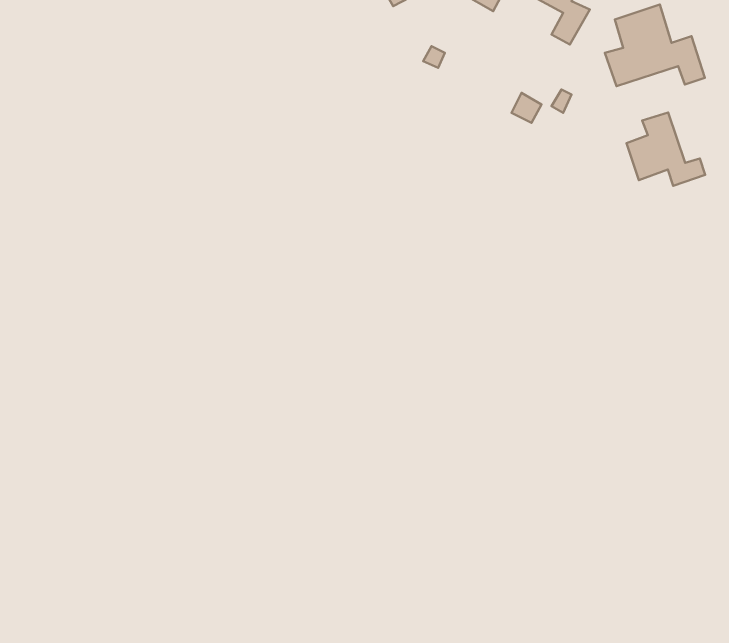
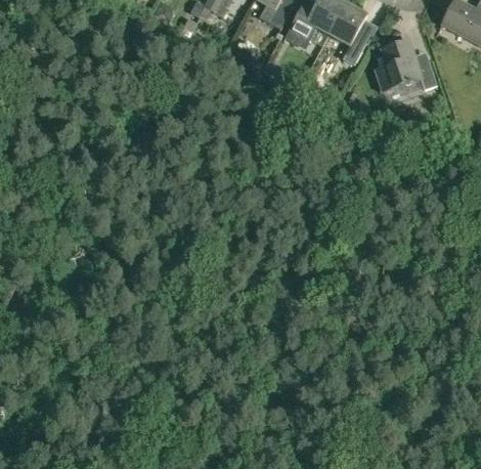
building: [626,112,705,186] -> none

